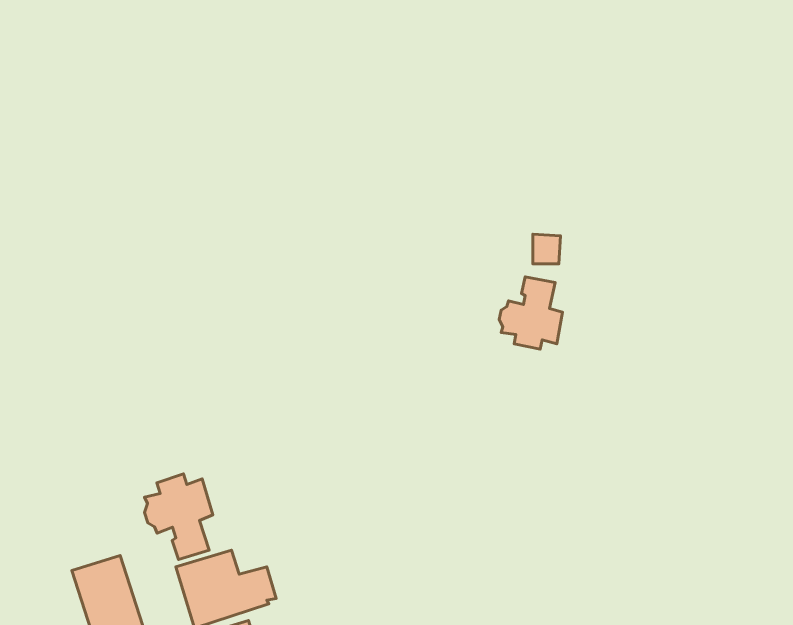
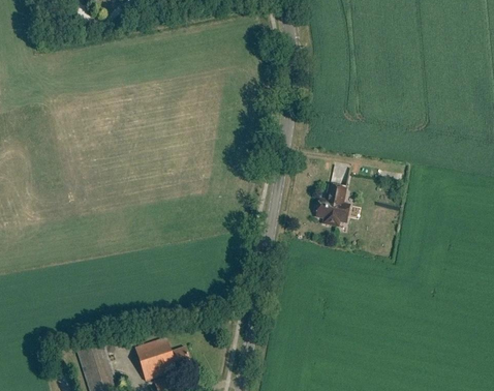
building: [145,474,213,559] -> none

